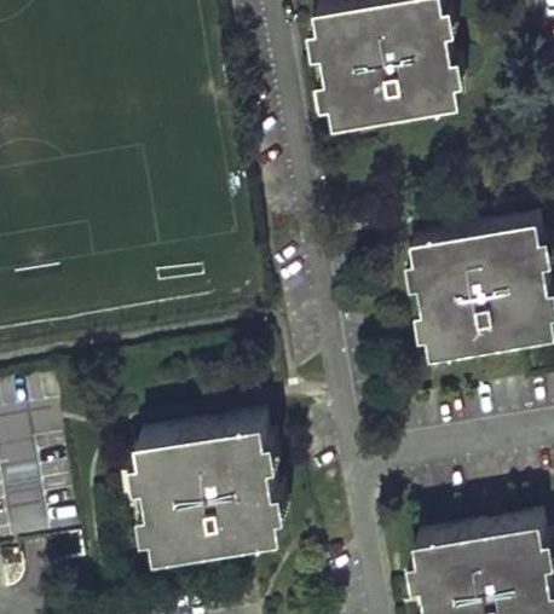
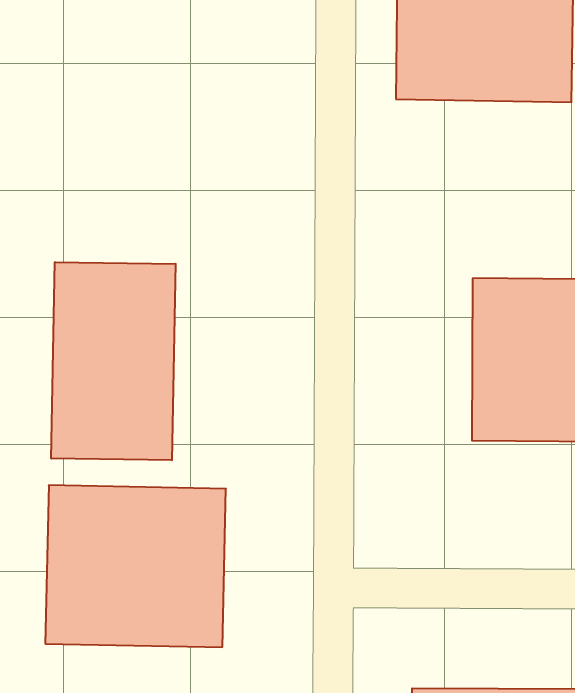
building: none -> [51,262,176,460]

